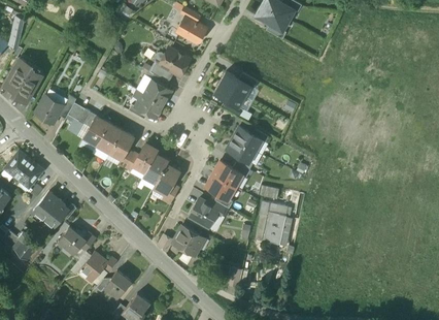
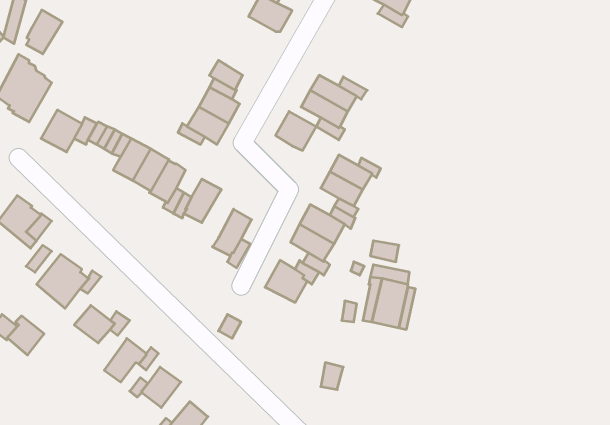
building: none -> [26,10,62,54]
building: [162,47,190,74] -> [276,111,316,150]
building: [144,153,169,183] -> none
building: [174,227,203,255] -> none

